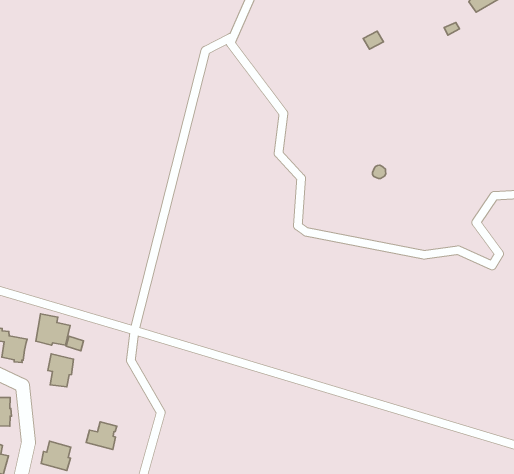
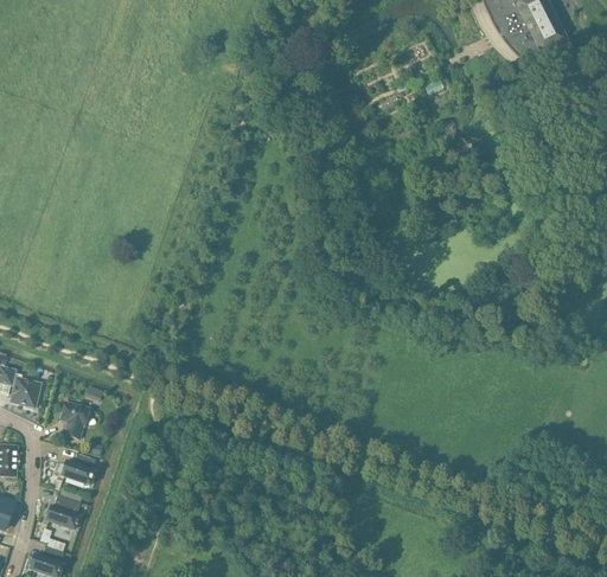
building: [36,314,70,345] -> none
building: [86,422,117,449] -> [59,454,94,485]

